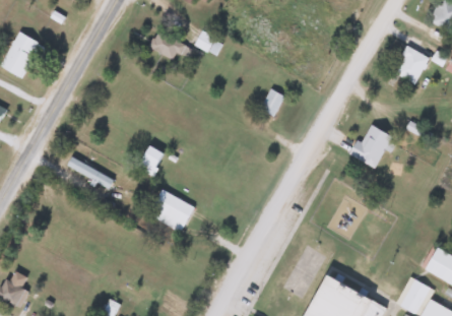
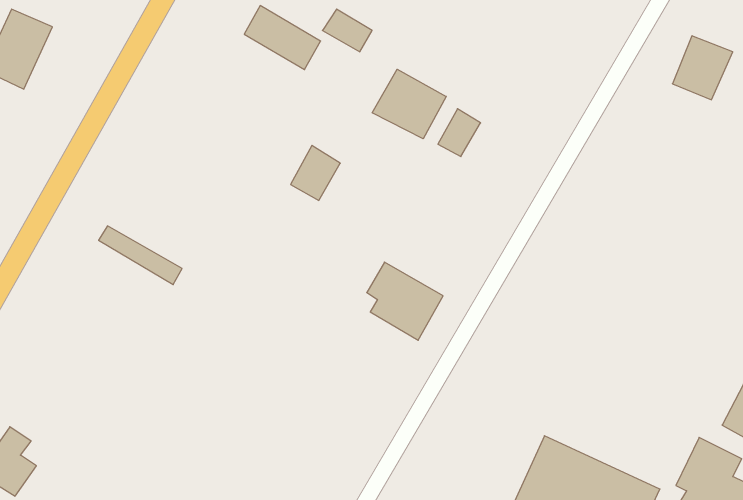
building: none -> [372,69,446,139]
building: [350,124,393,168] -> none
building: [137,144,166,176] -> [291,145,340,200]
building: [152,188,196,233] -> [367,262,443,340]

